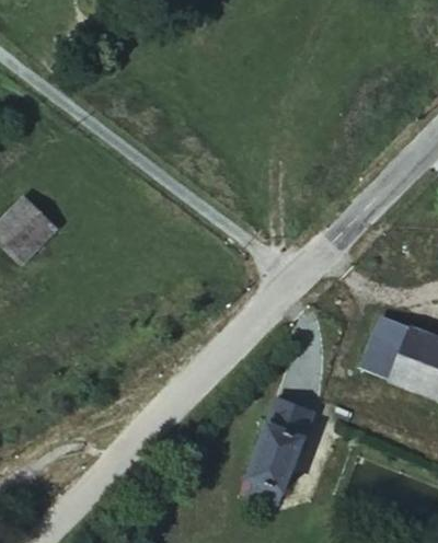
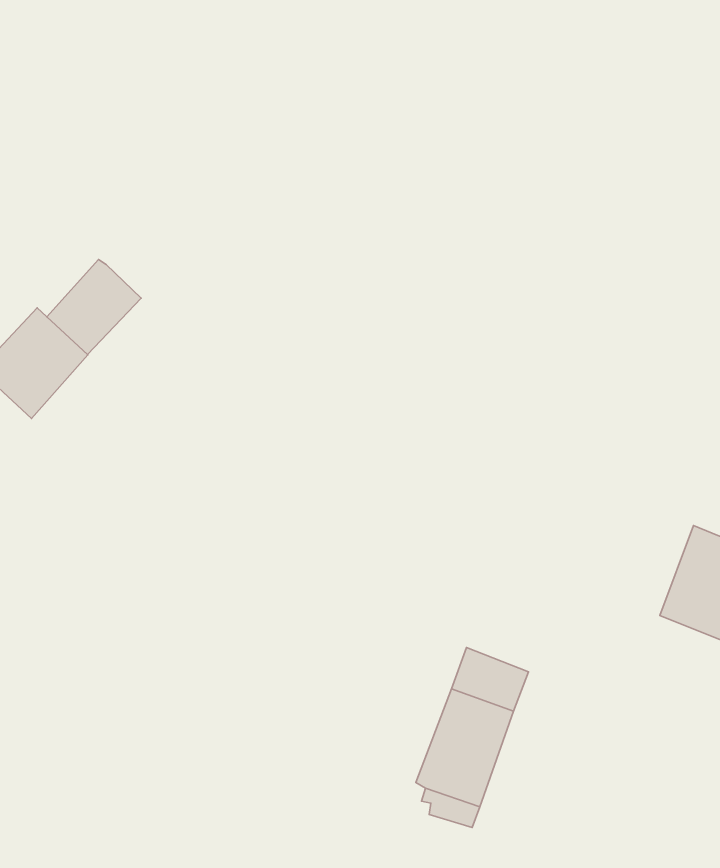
building: none -> [47,259,141,355]
building: [361,316,407,379] -> none

